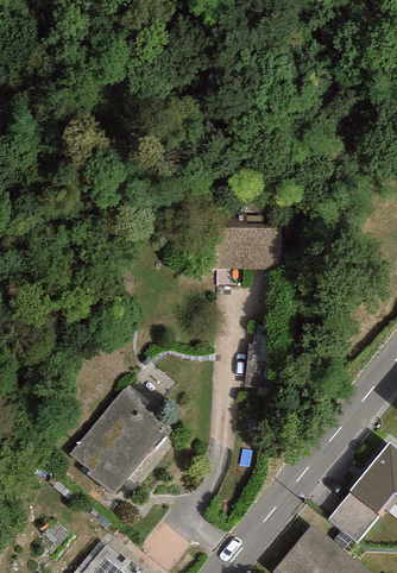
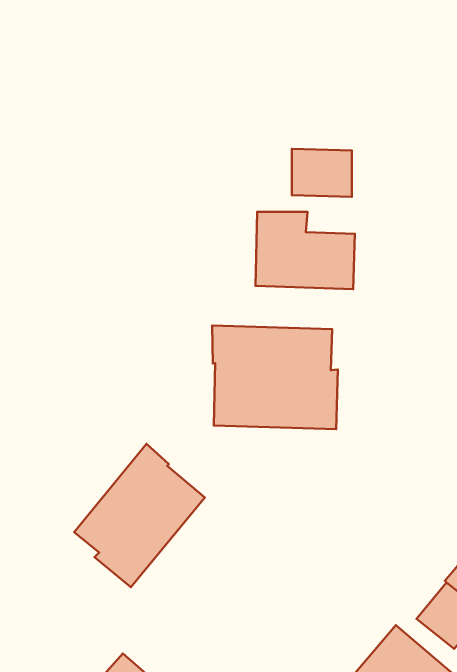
building: none -> [292,149,352,197]
building: none -> [212,325,338,429]

